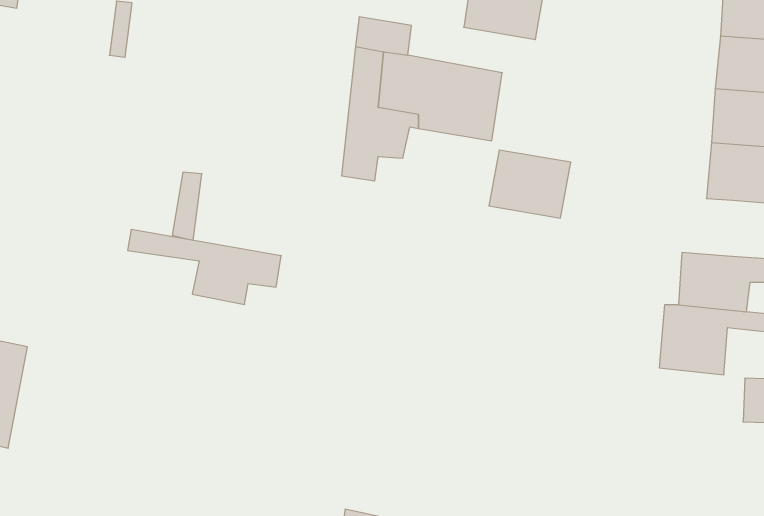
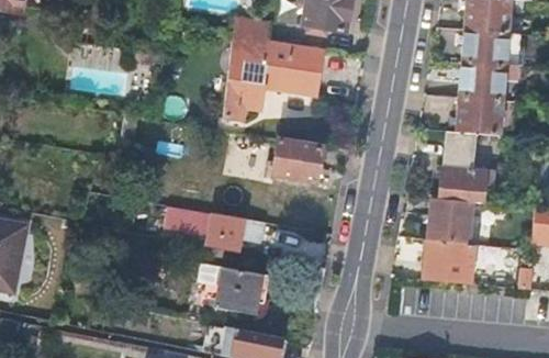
building: [489,150,571,218] -> [273,139,325,182]
building: none -> [440,131,472,168]
building: [128,230,281,305] -> [168,205,265,253]
building: none -> [422,238,471,283]
building: none -> [215,266,271,320]

